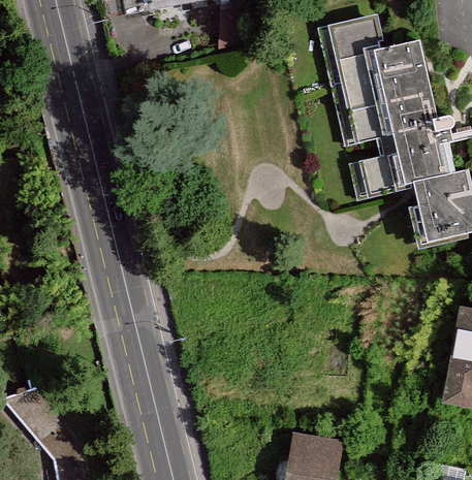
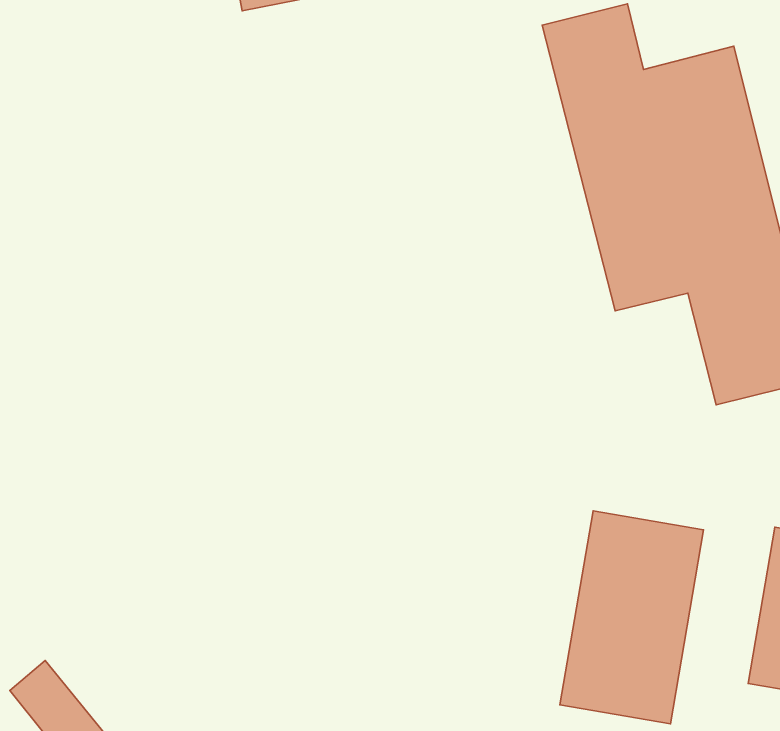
building: none -> [560,511,704,724]

